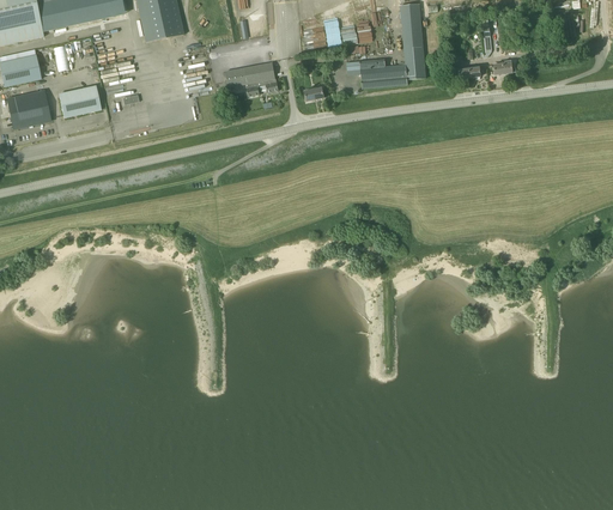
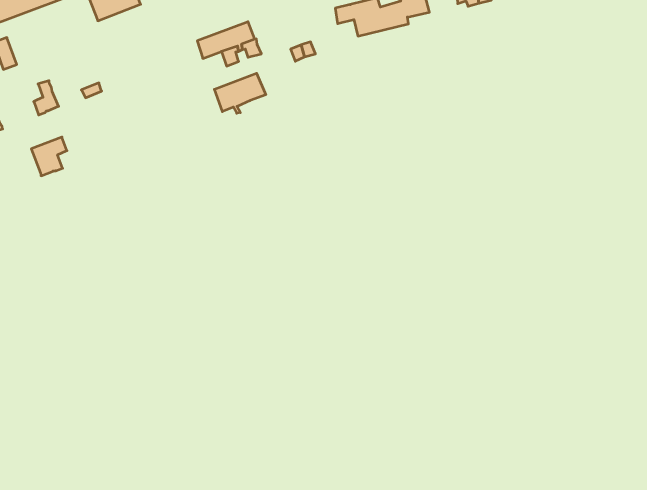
building: [57,86,87,116] -> [31,137,67,176]
building: none -> [214,73,266,113]

